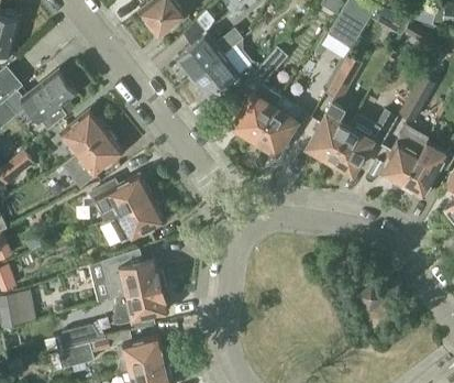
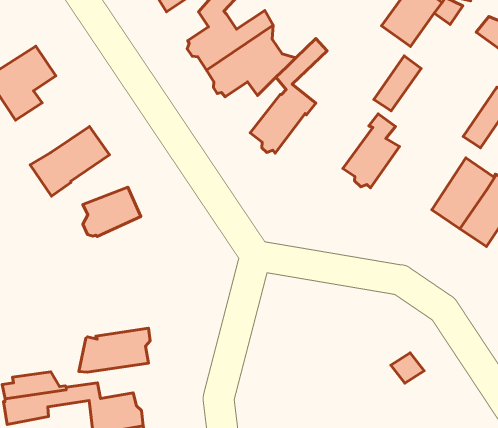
building: [253,106,297,153] -> none
building: [330,109,398,173] -> none
building: [60,110,106,153] -> none
building: [109,197,165,242] -> none
building: [102,248,165,297] -> none

